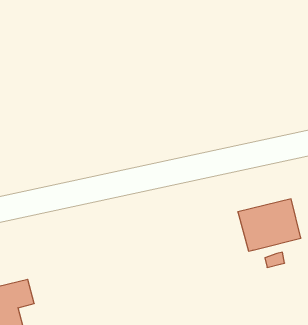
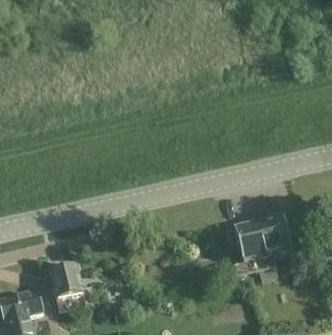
building: none -> [51,266,87,314]

